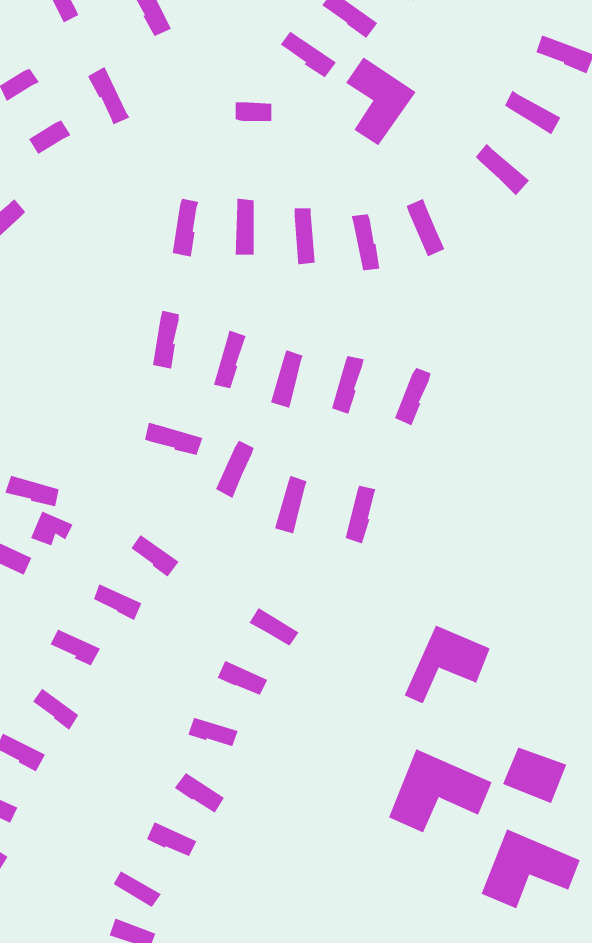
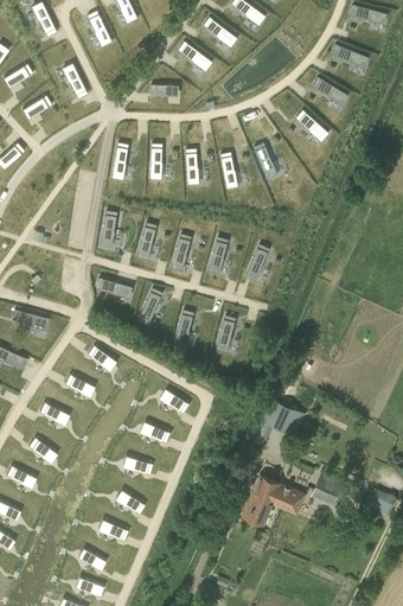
building: [345,56,417,146] -> none
building: [481,828,580,909] -> none

